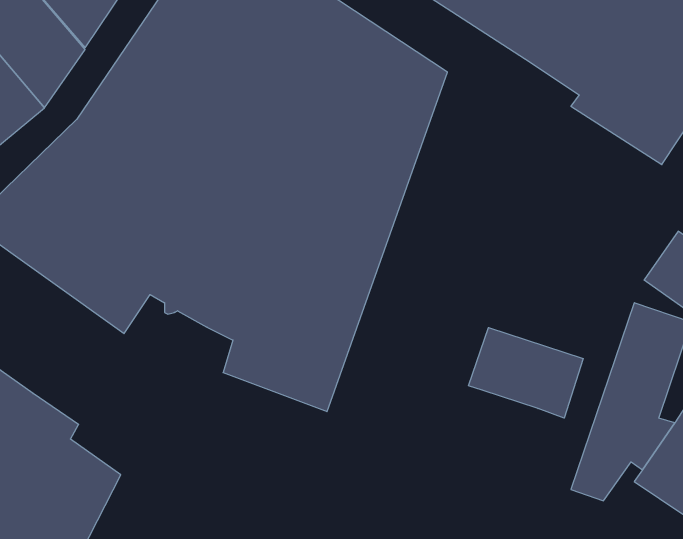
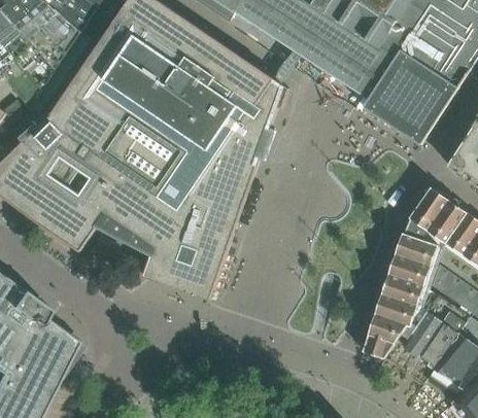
building: [469,328,583,418] -> none

